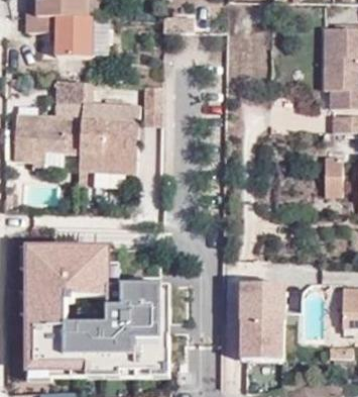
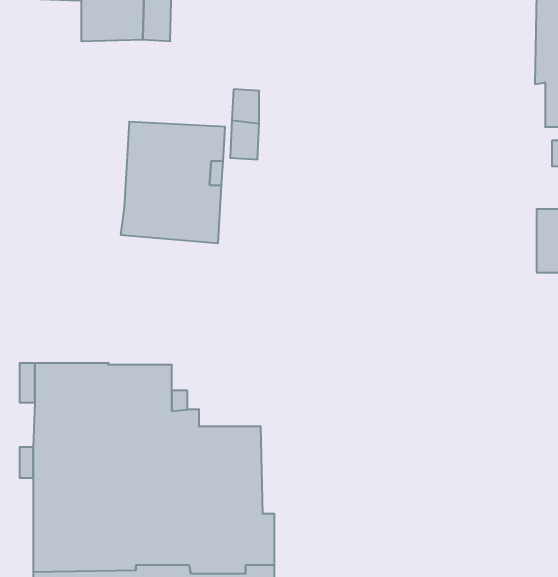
building: [14,79,85,162] -> none
building: [242,283,284,360] -> none

